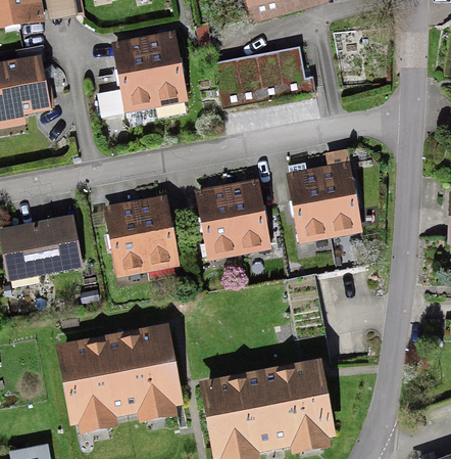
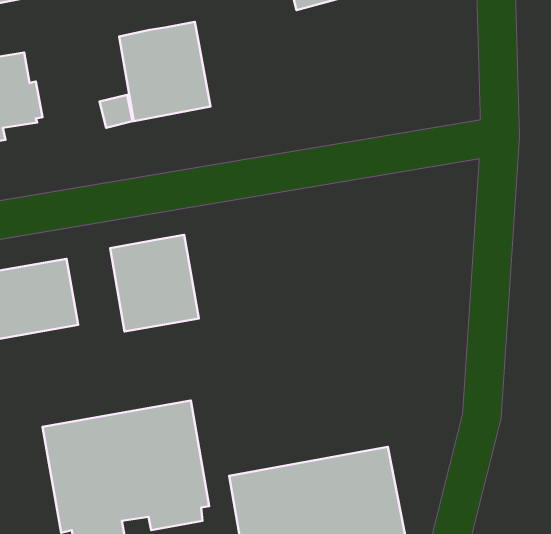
building: [213,45,316,108] -> none
building: [291,151,359,236] -> none
building: [200,180,267,254] -> none

